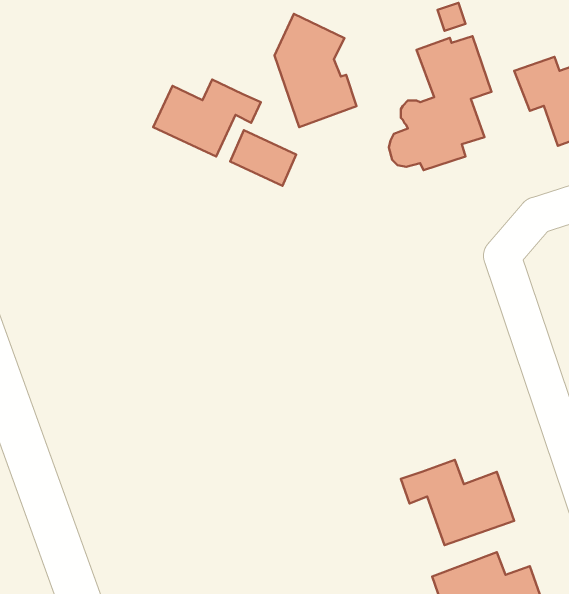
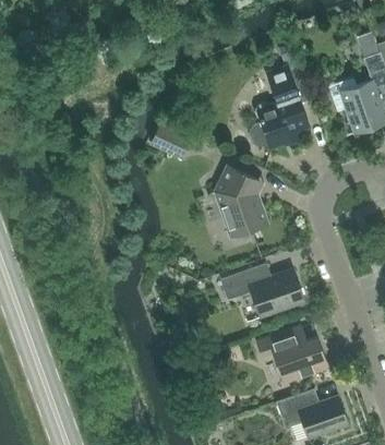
building: [275,14,357,127] -> [216,166,267,237]
building: [153,79,261,156] -> none
building: none -> [220,263,304,316]

